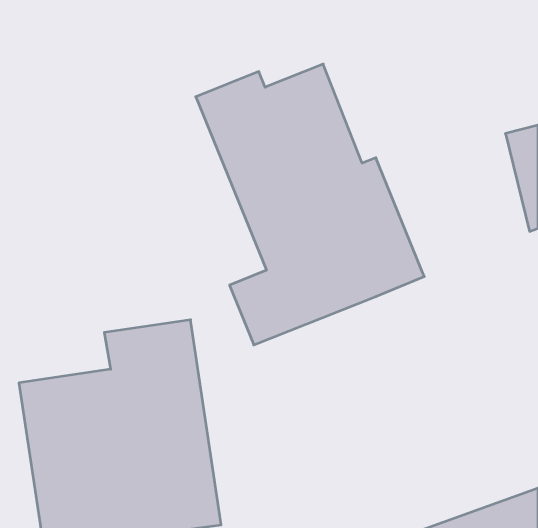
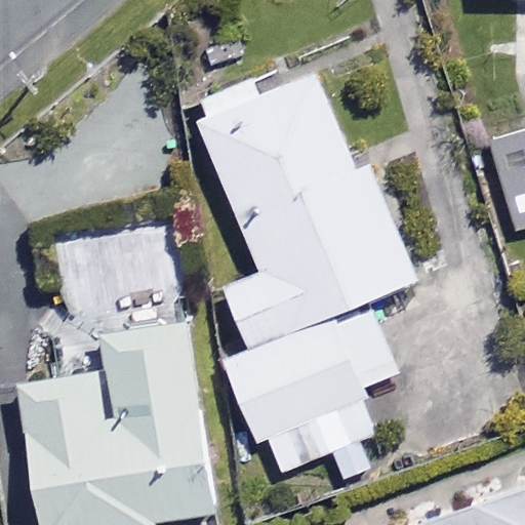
building: none -> [221,298,396,482]

